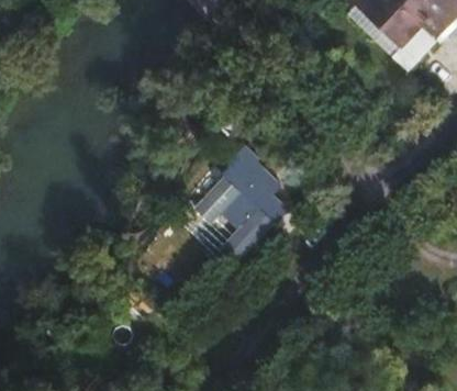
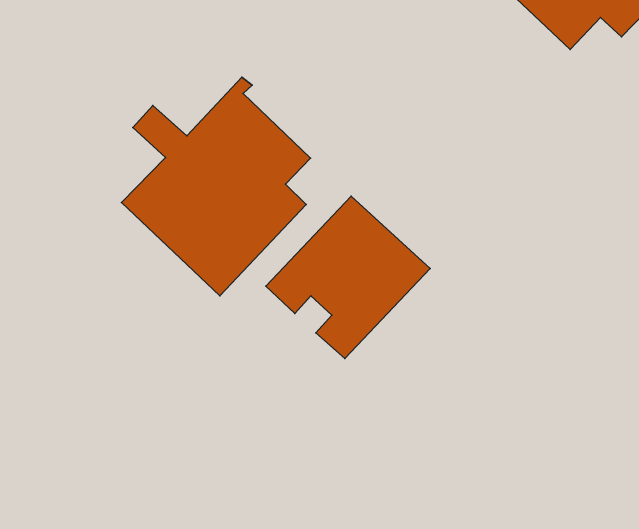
building: none -> [122,77,310,296]

